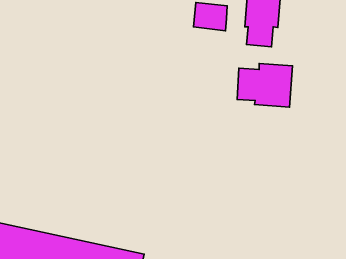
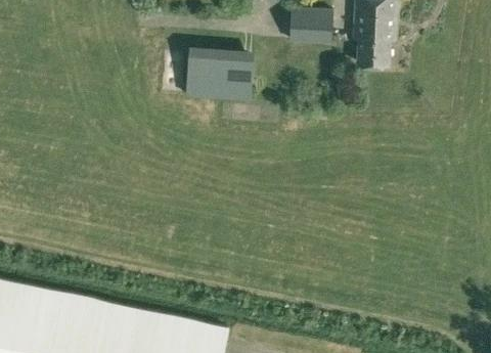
building: none -> [186,45,253,101]
building: [237,63,293,107] -> none

